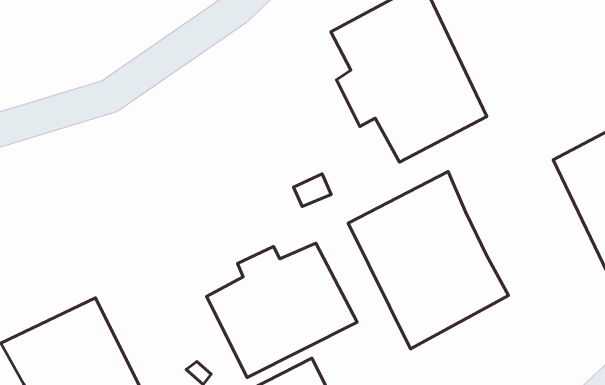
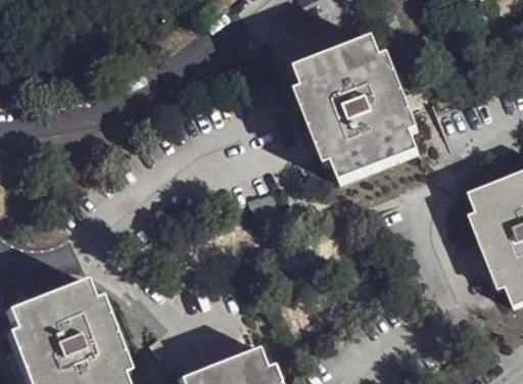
building: [348,172,508,349] -> none
building: [207,243,357,378] -> none

